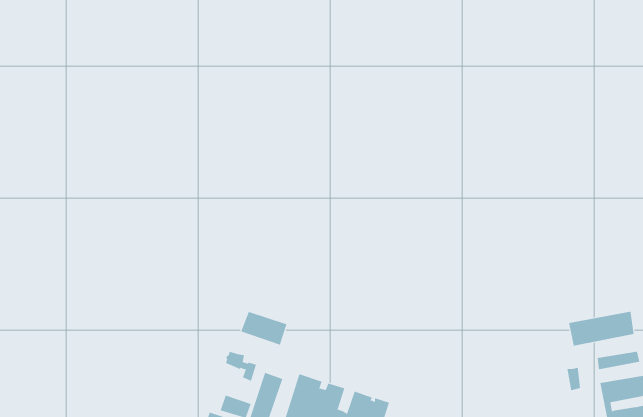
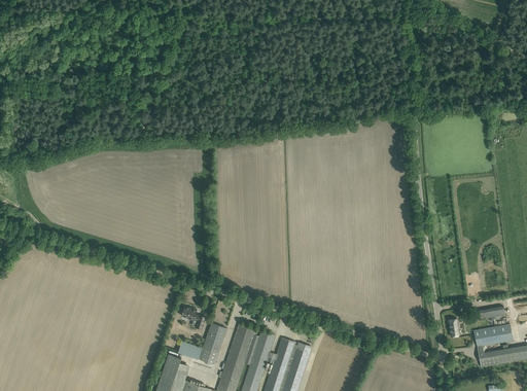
building: [568,311,634,346] -> none
building: [241,311,287,345] -> none

